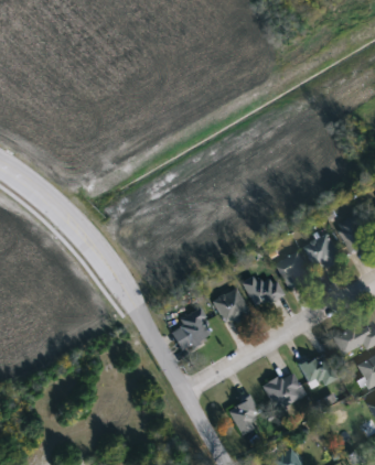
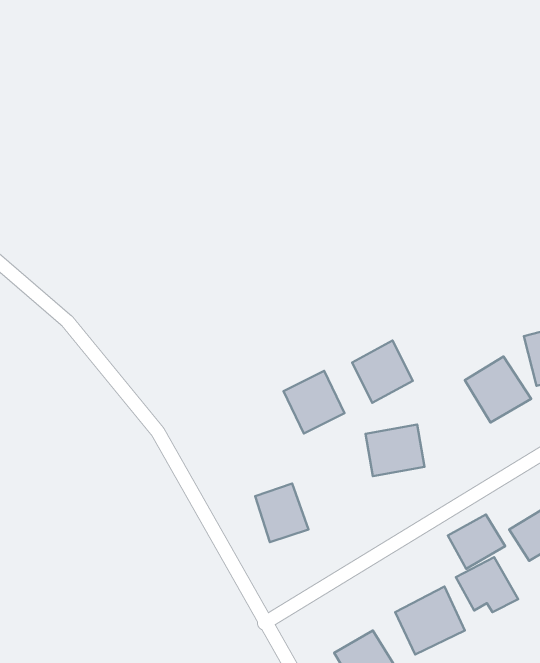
building: [275,252,311,290] -> [352,340,413,403]
building: [211,289,247,326] -> [284,371,344,433]
building: none -> [448,515,505,569]

